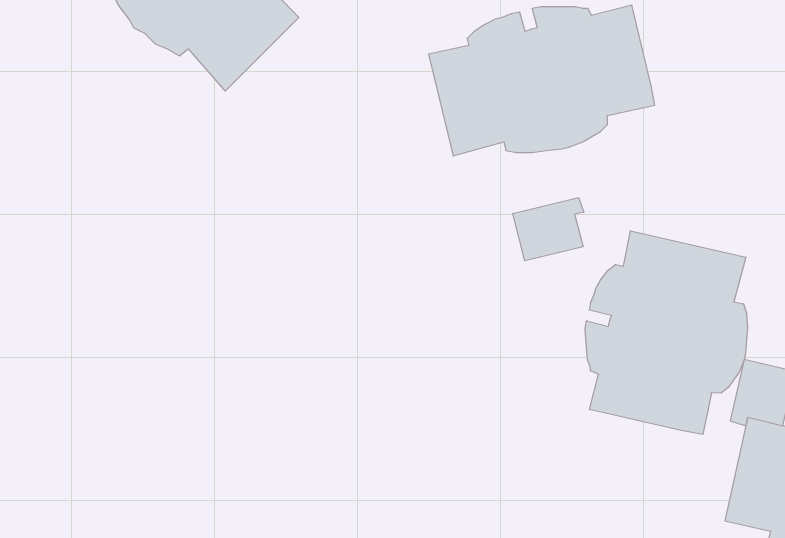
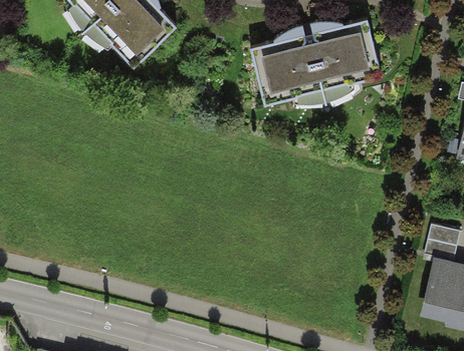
building: [513,198,584,261] -> none
building: [585,231,747,434] -> none

